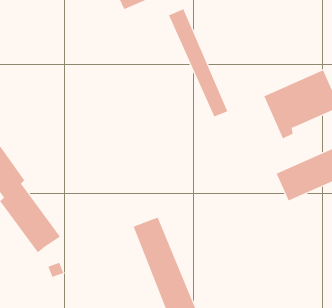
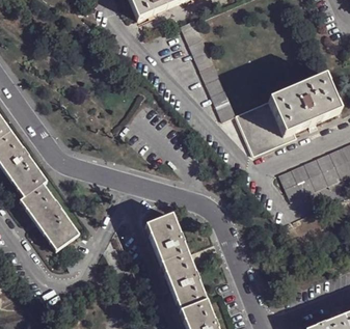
building: none -> [236,101,287,156]

